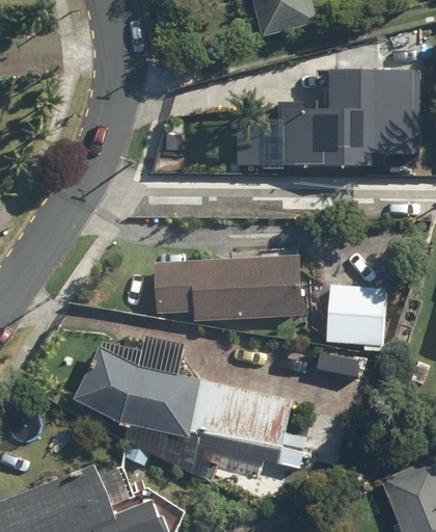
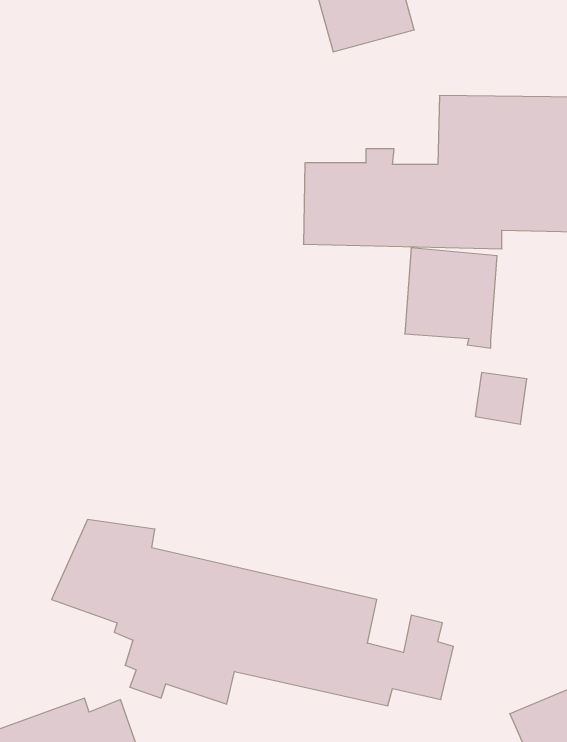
building: [153,259,301,320] -> none
building: [324,286,385,352] -> [405,248,497,348]

